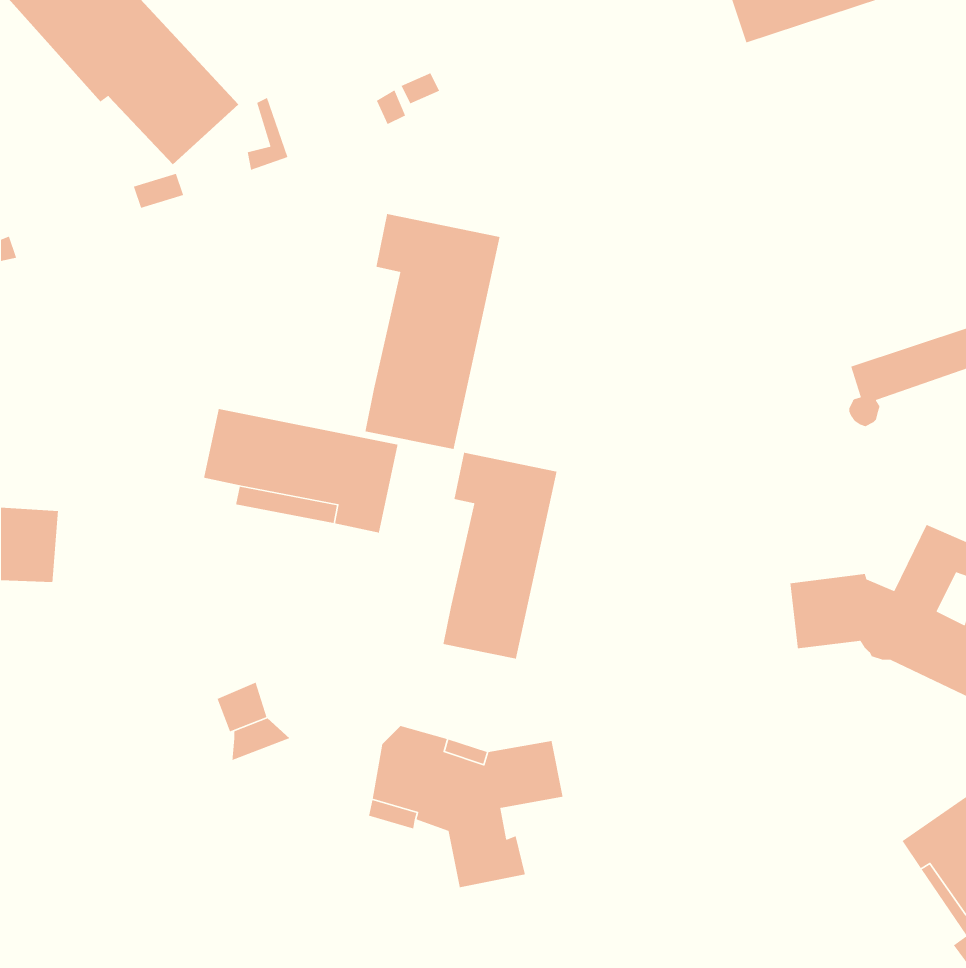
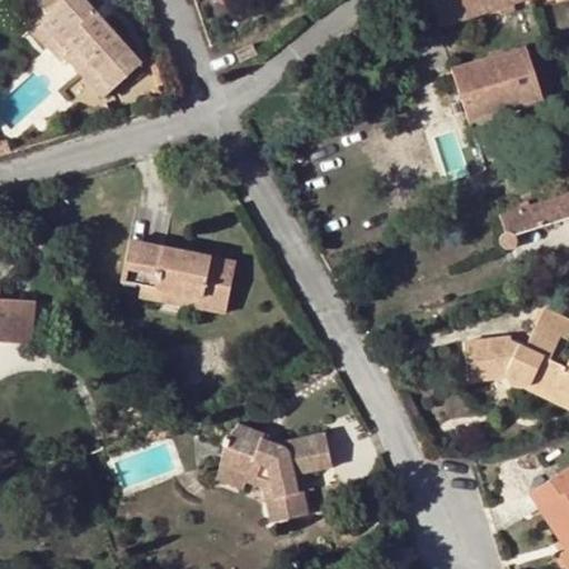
building: none -> [453,47,542,120]
building: [364,213,501,450] -> none
building: [443,452,557,659] -> none

